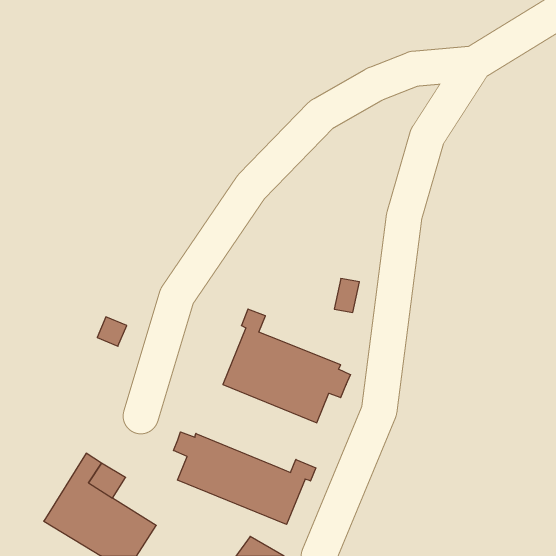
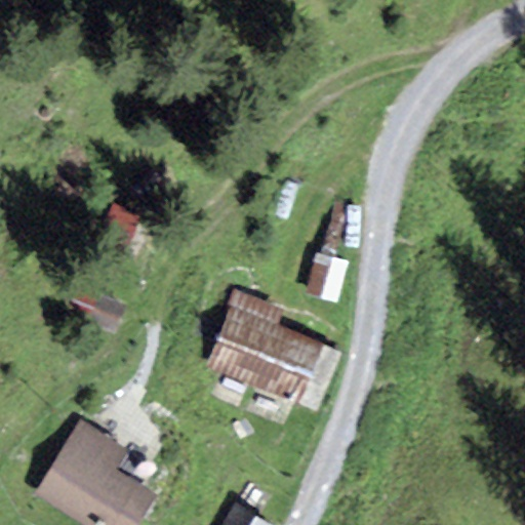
building: [174,432,316,524] -> none

